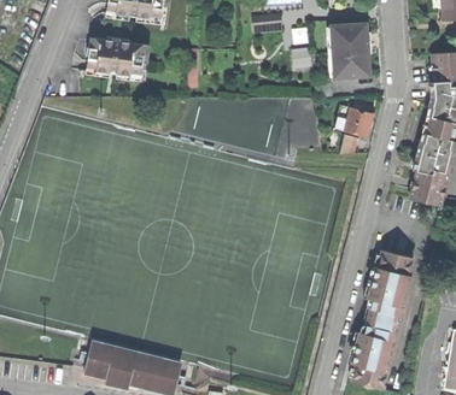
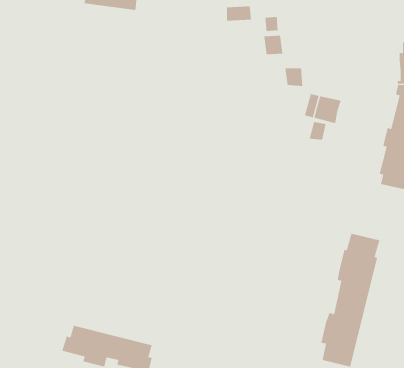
building: [331,24,369,79] -> none
building: [86,37,148,77] -> none
building: [88,340,182,379] -> none

